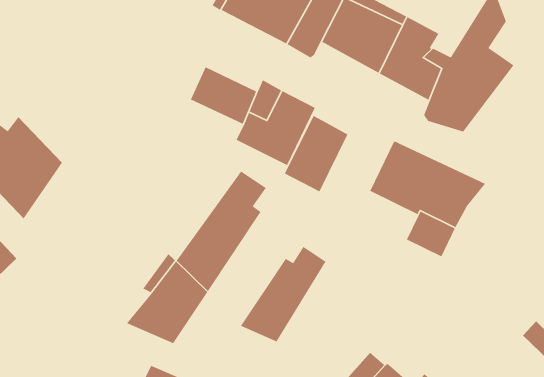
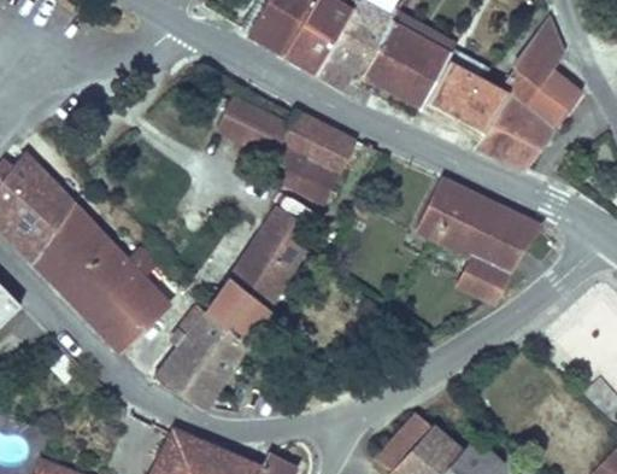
building: [284,115,348,192] -> none
building: none -> [33,203,174,356]
building: [240,246,326,343] -> none

